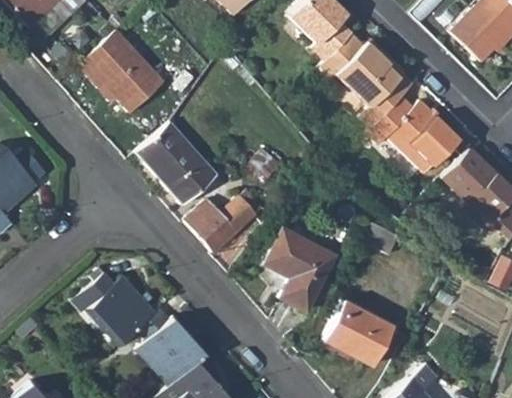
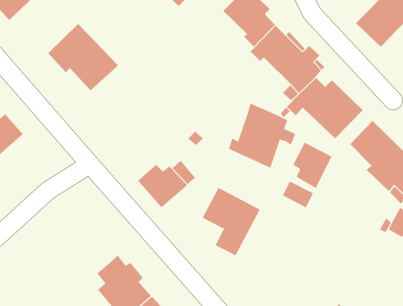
building: [137,123,217,204] -> none
building: none -> [228,103,296,169]
building: none -> [293,142,332,189]
building: [76,278,153,352] -> none
building: [325,301,392,366] -> none

